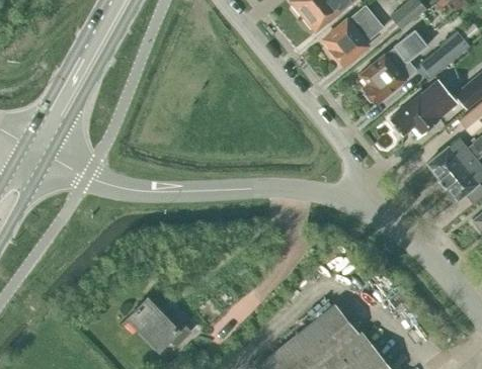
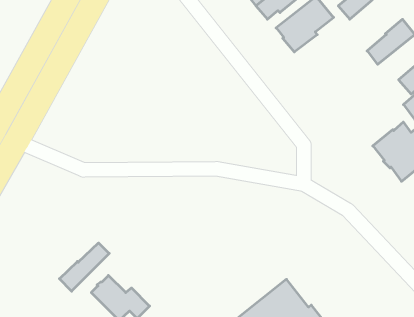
building: [359,29,428,103] -> none
building: [390,80,456,137] -> none
building: none -> [59,243,109,291]

